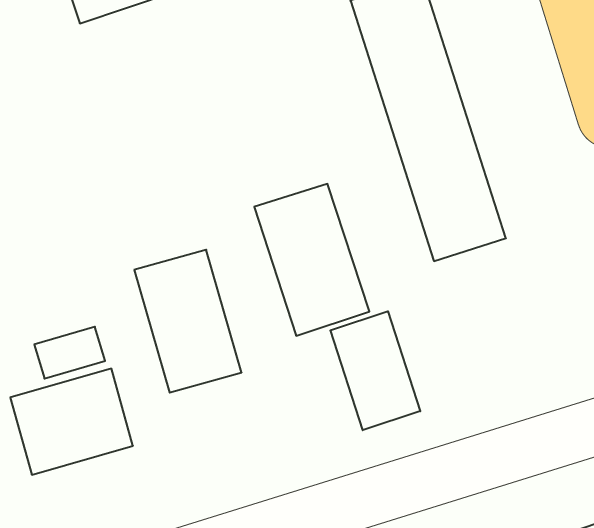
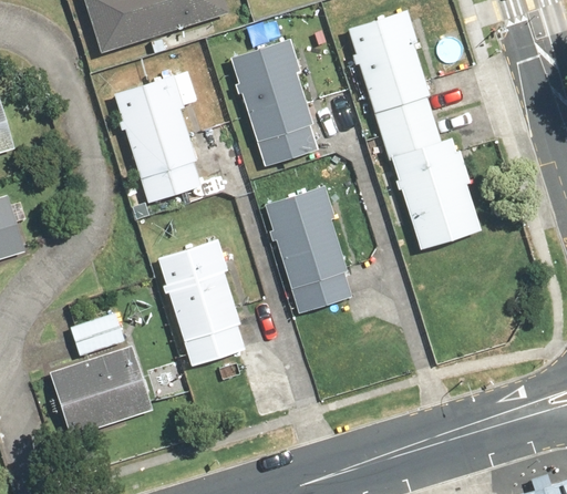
building: none -> [228,35,324,166]
building: none -> [111,68,207,204]
building: [330,311,420,430] -> none

